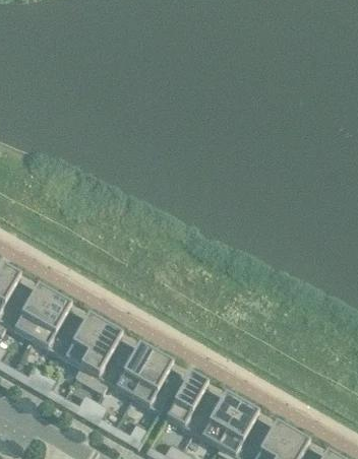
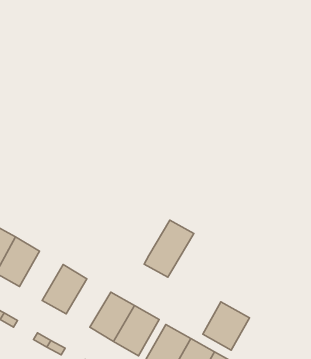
building: [31,298,77,350] -> none
building: [75,327,128,388] -> [144,220,194,277]
building: none -> [203,302,250,350]

